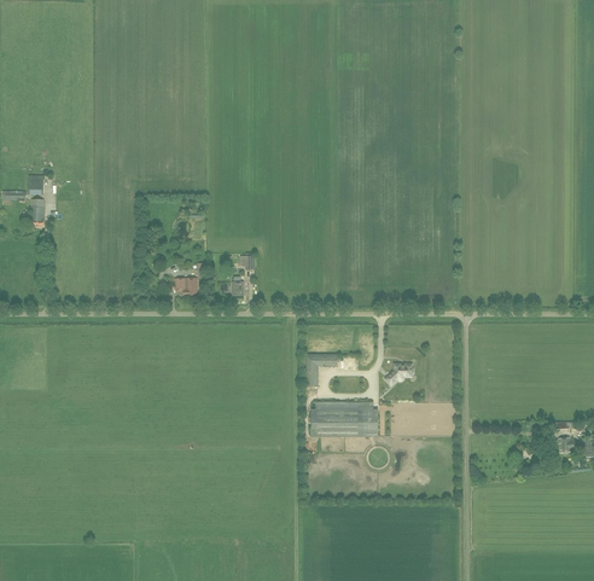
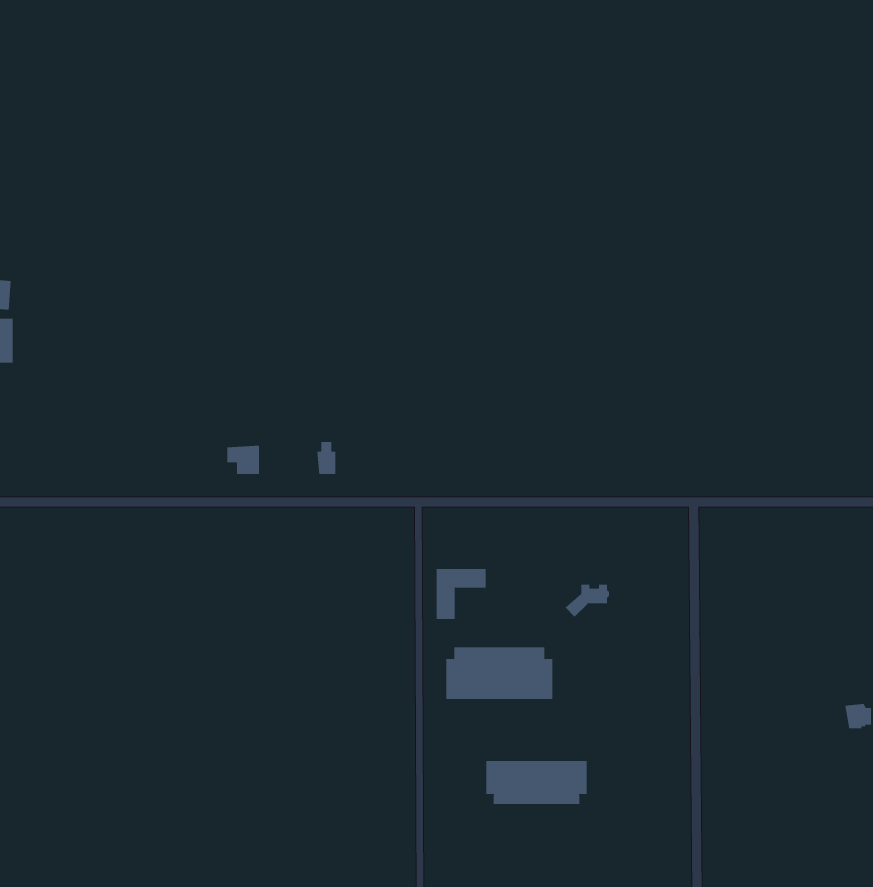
building: none -> [486,760,587,805]

